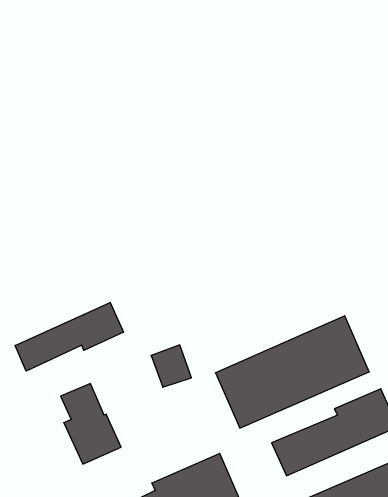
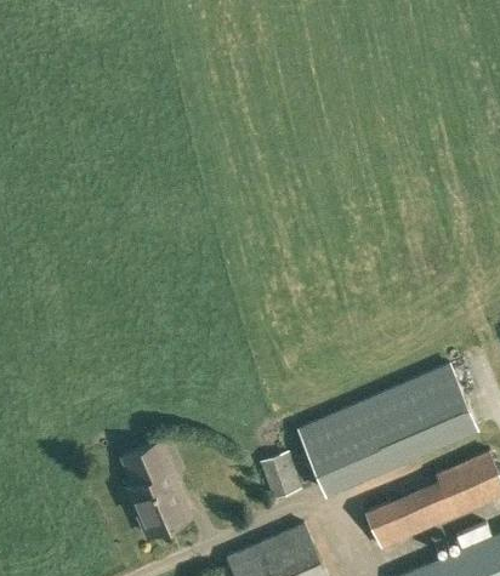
building: [15,302,123,371] -> none
building: [151,345,191,387] -> [256,452,302,501]

